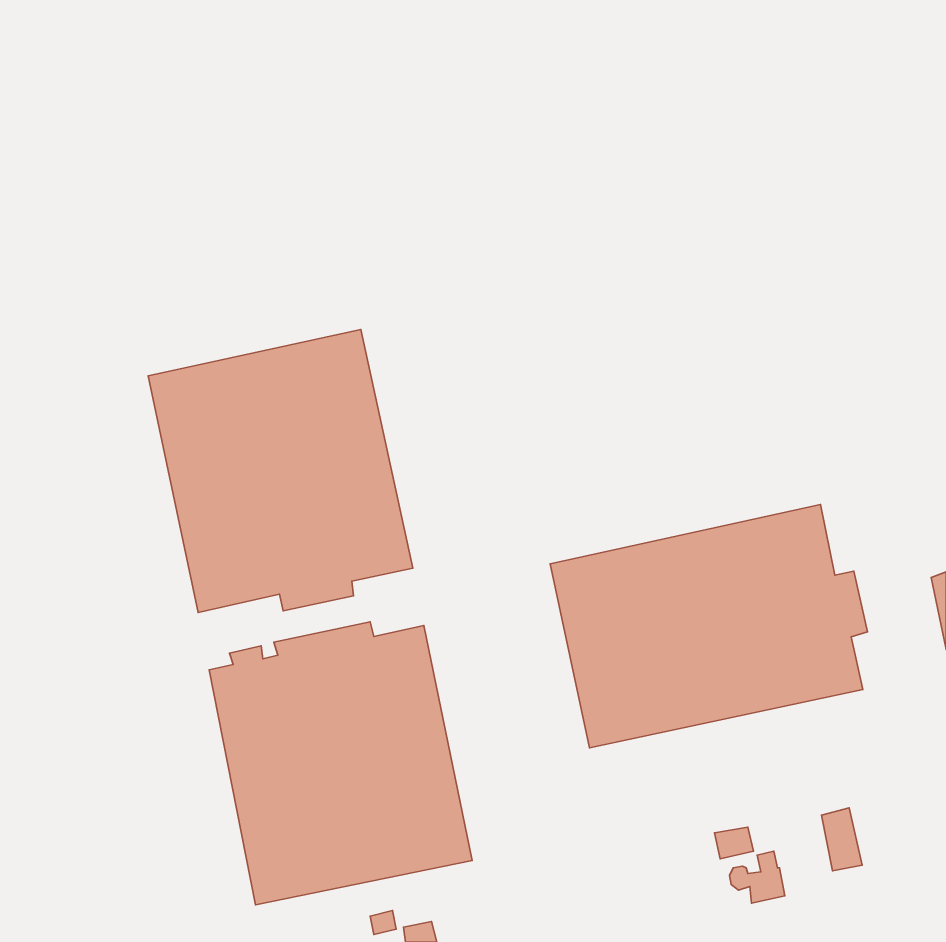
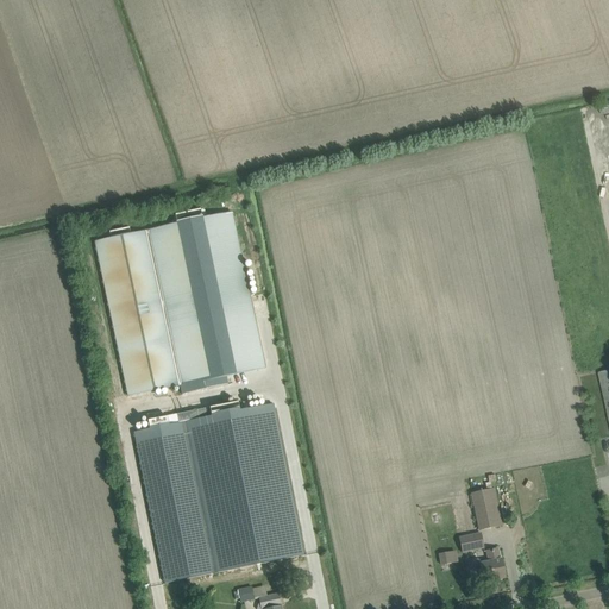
building: [550,504,867,748] -> none
building: [821,808,862,871] -> [472,488,498,528]

